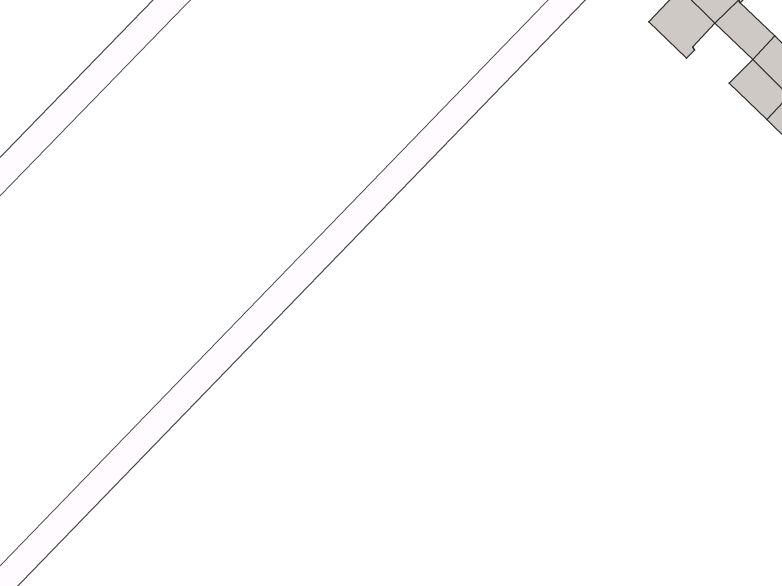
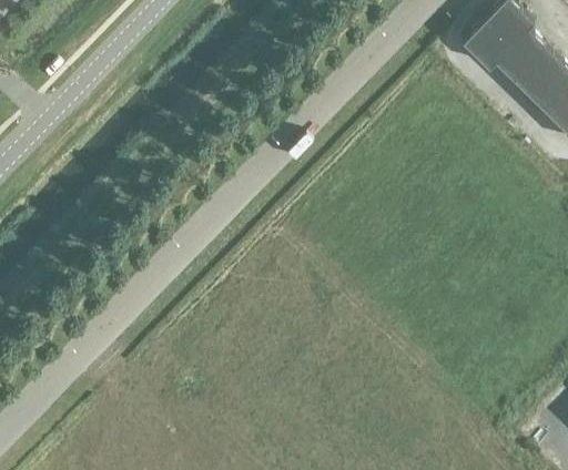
building: none -> [494,48,536,90]

